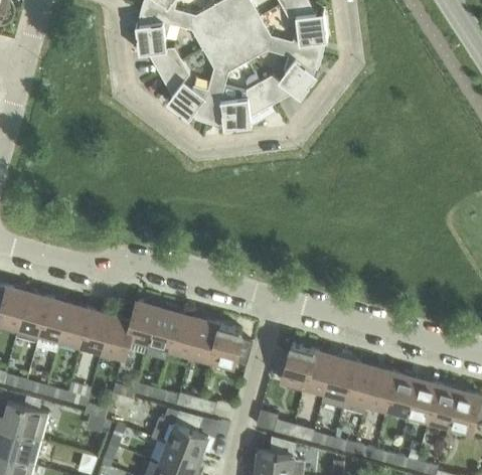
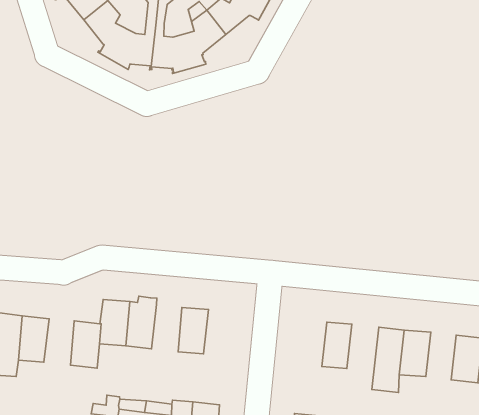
building: [79,310,110,350] -> none
building: [168,313,198,354] -> none
building: [209,324,252,365] -> none
building: [270,344,313,385] -> none
building: [320,353,355,411] -> none
building: [385,372,416,414] -> none

